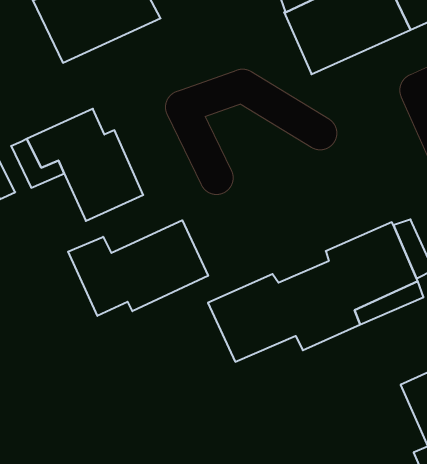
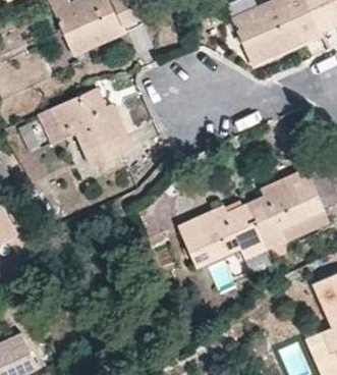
building: [68,220,208,316] -> none

